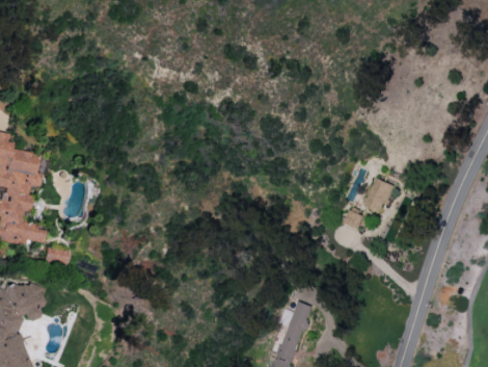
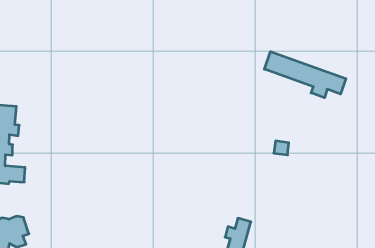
building: none -> [264,52,346,98]
building: [363,178,395,212] -> none

